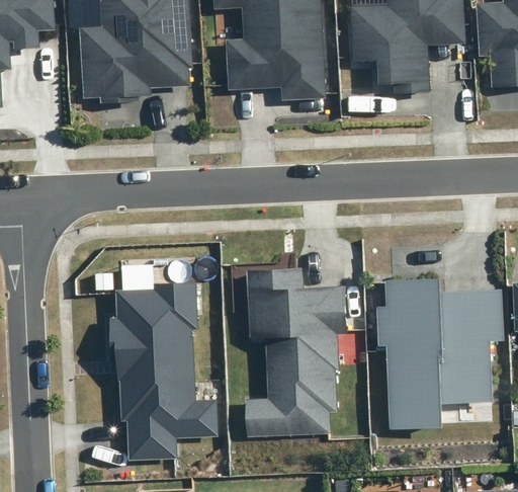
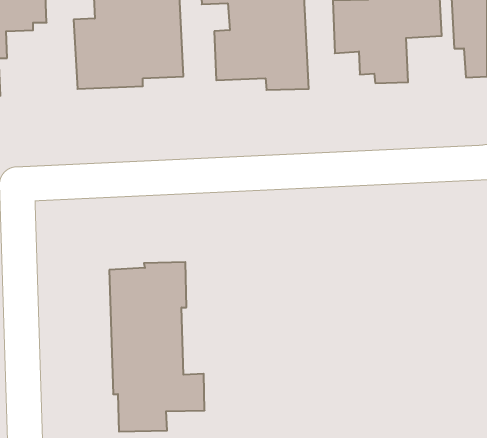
building: [245,267,347,436] -> none
building: [376,277,504,428] -> none

